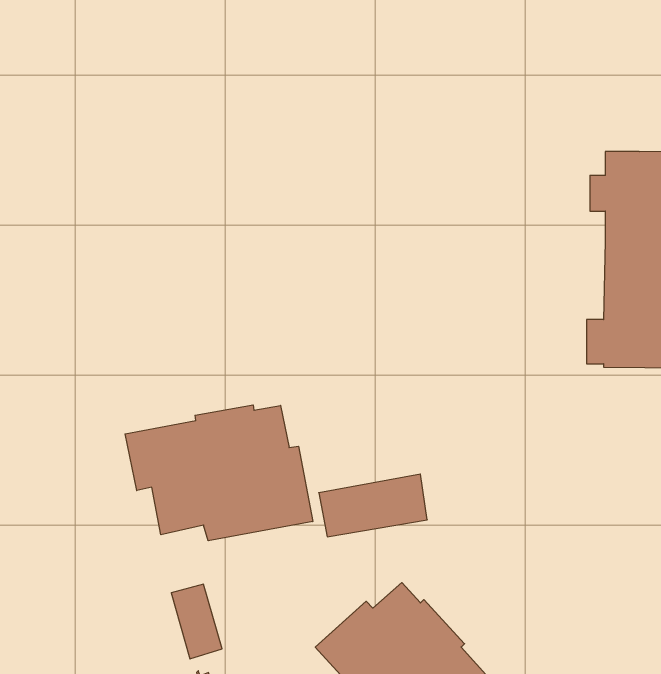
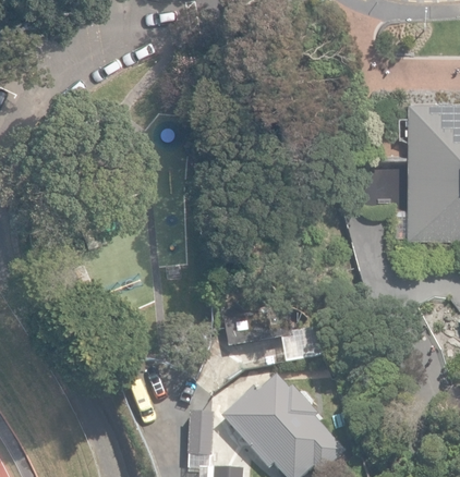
building: [125,405,313,541] -> none

